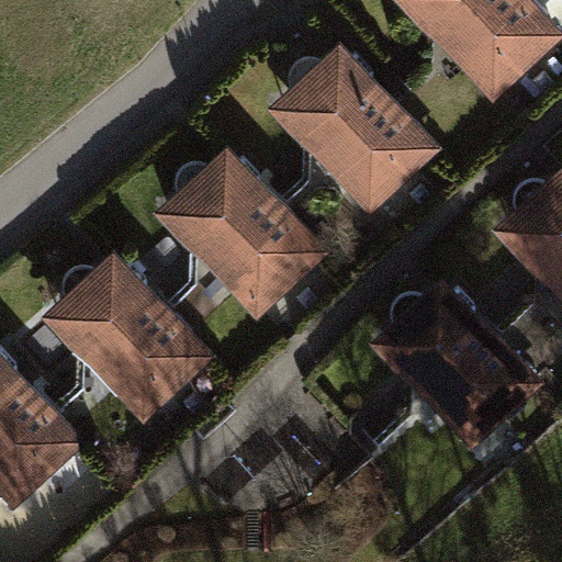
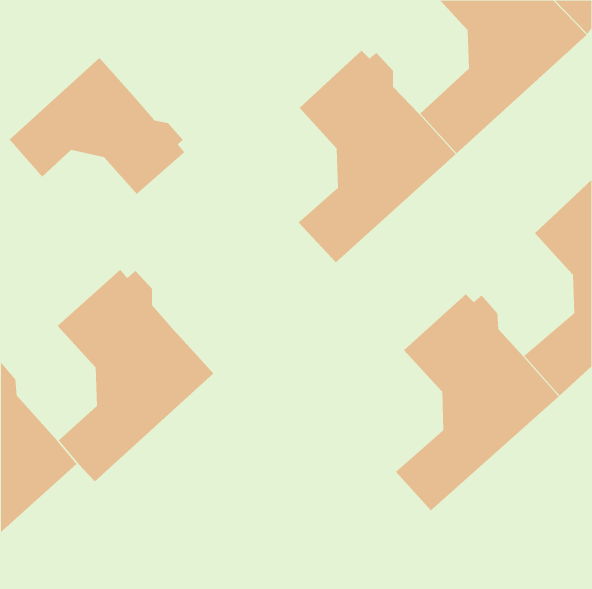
building: none -> [9,57,185,195]
building: [168,155,318,357] -> none

